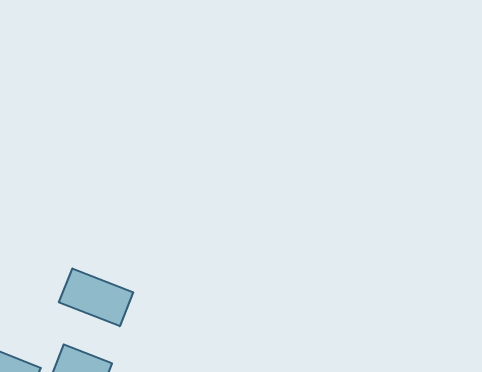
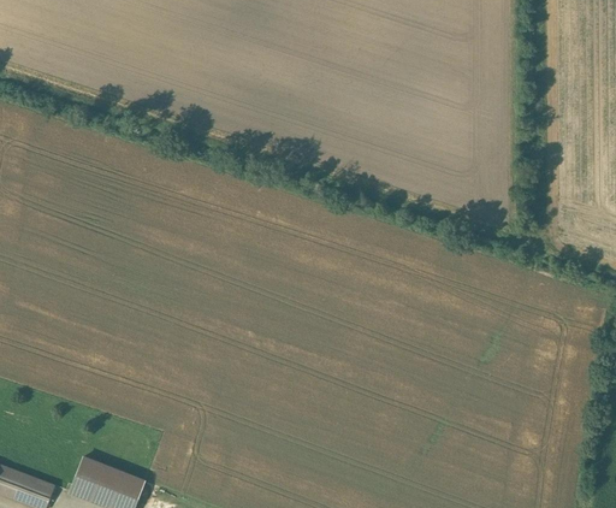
building: [59,268,133,326] -> none

